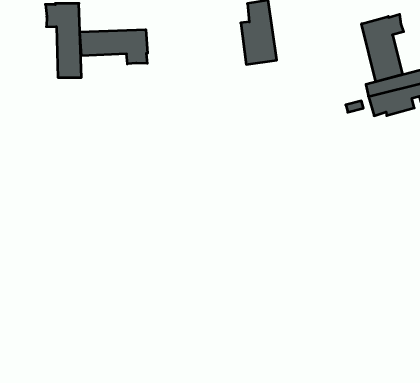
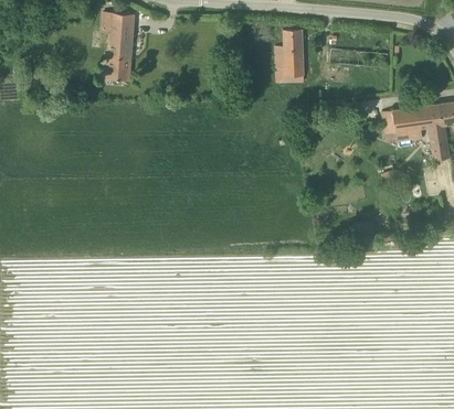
building: [362,14,404,82] -> none
building: [80,30,147,64] -> none

